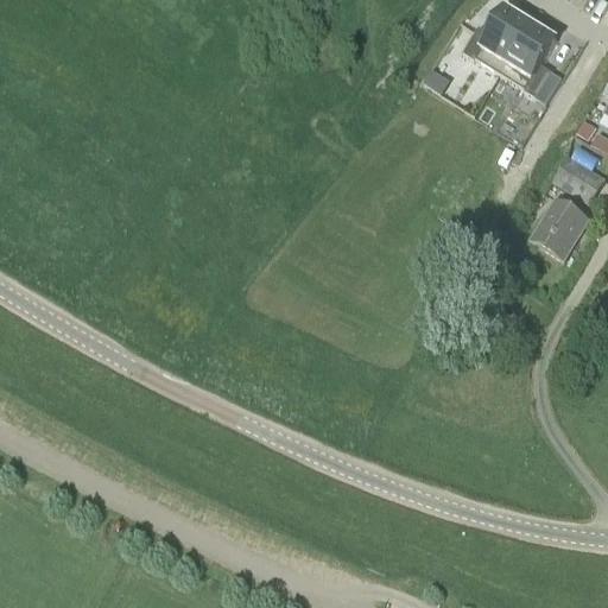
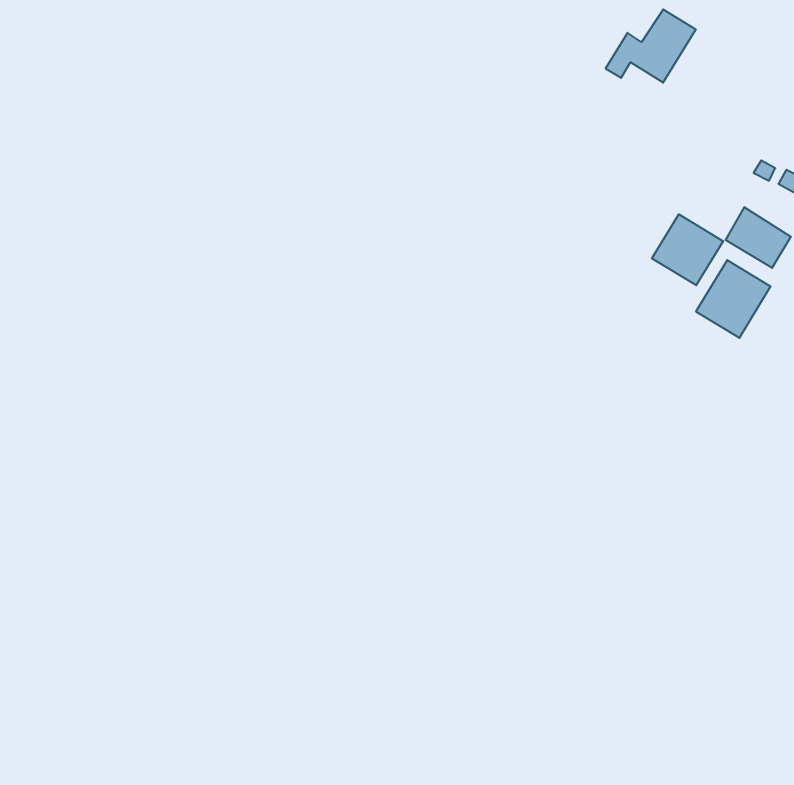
building: [507,23,557,96] -> none
building: none -> [652,214,723,285]

